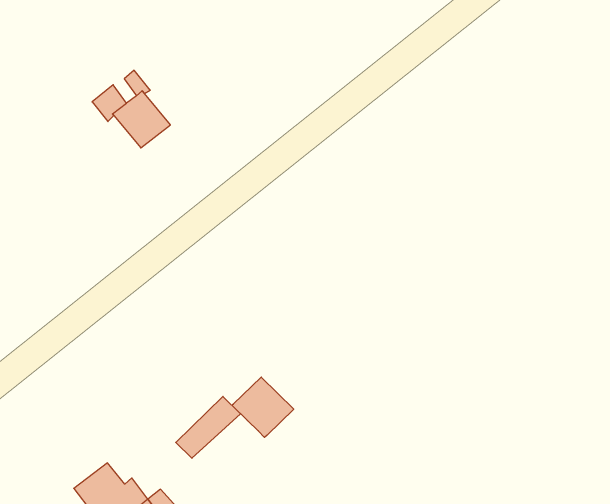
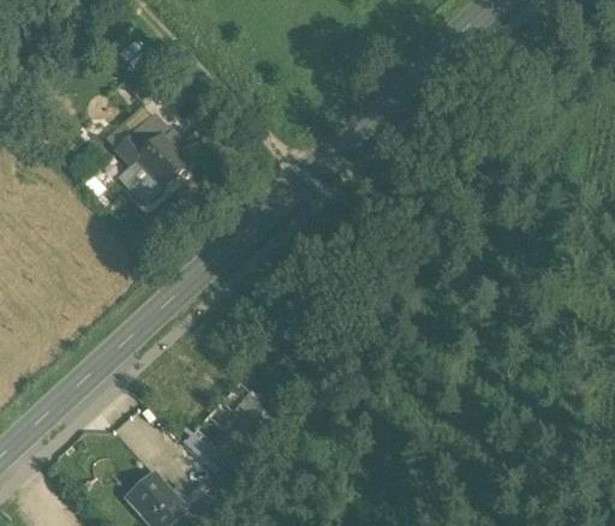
building: none -> [118,159,161,202]
building: [232,377,294,437] -> none

